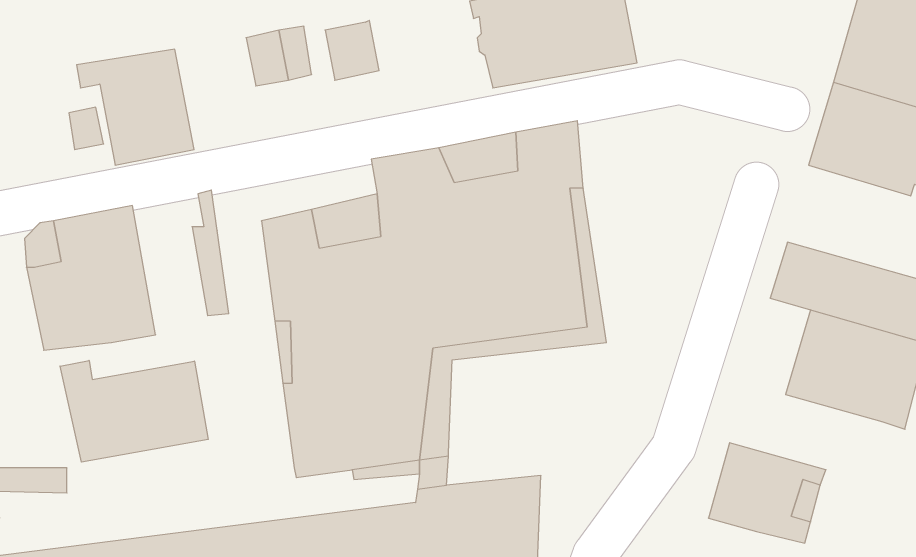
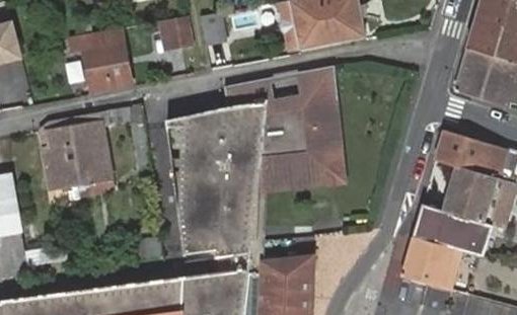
building: [60,360,208,462] -> none
building: none -> [413,205,493,256]

